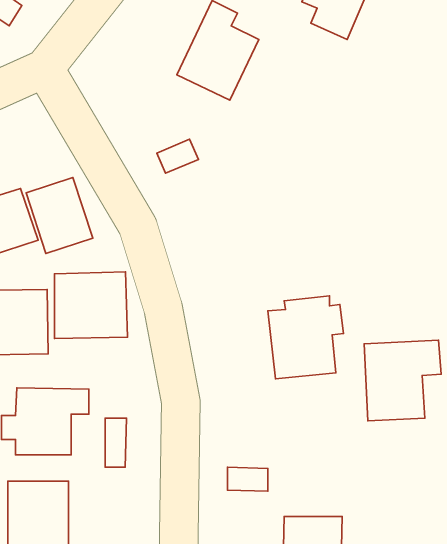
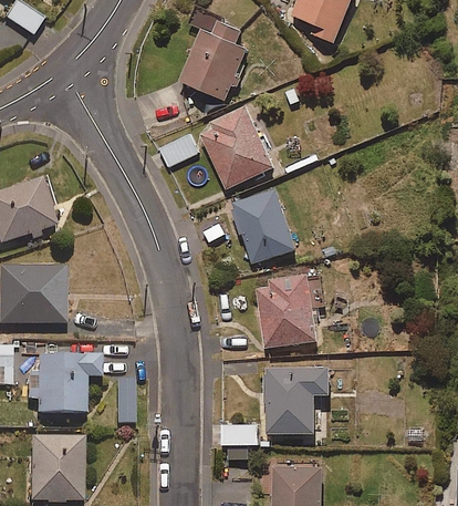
building: none -> [199,105,277,188]
building: [26,178,93,253] -> none
building: none -> [233,187,298,262]
building: [54,272,128,338] -> none
building: [364,340,441,421] -> [264,362,332,433]

